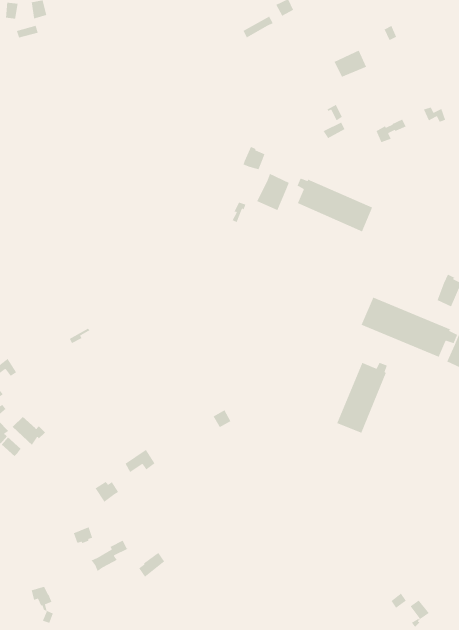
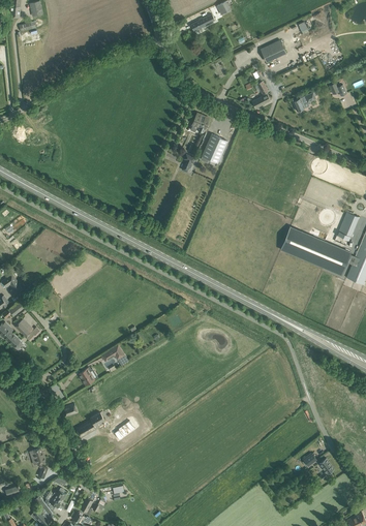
building: [297,178,373,232] -> none
building: [336,362,388,434] -> none

